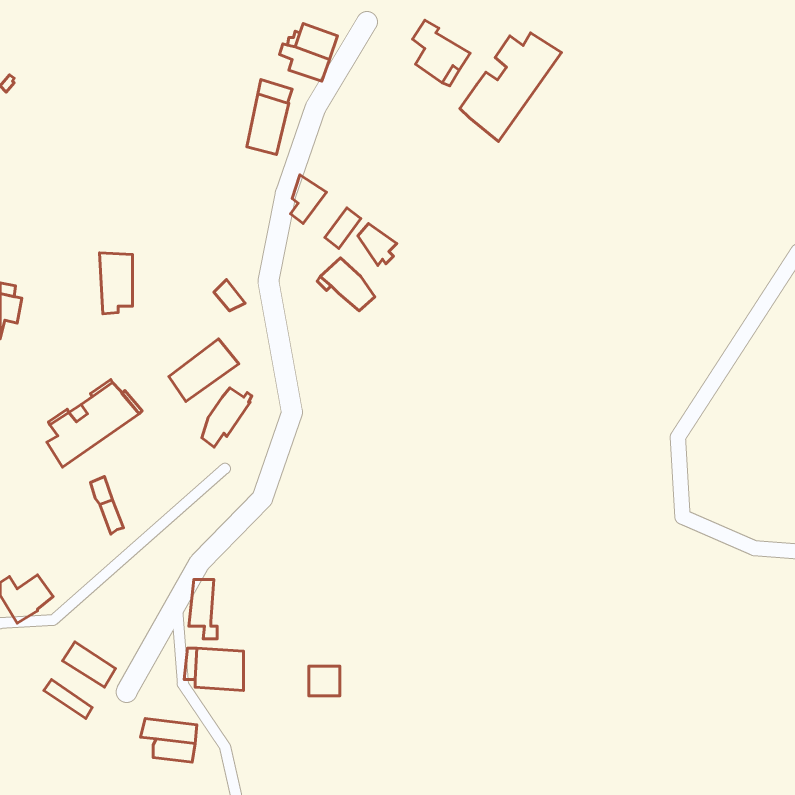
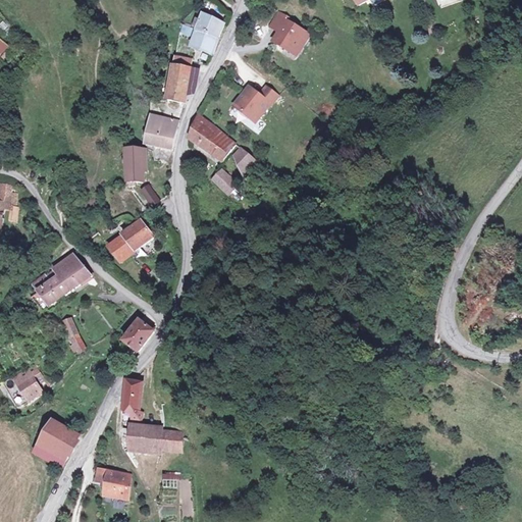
building: [460,33,561,141] -> none
building: none -> [232,87,275,118]
building: none -> [145,113,180,147]
building: none -> [200,125,228,155]
building: [100,253,132,314] -> [121,146,143,186]
building: [202,388,252,447] -> [120,321,153,360]
building: none -> [36,431,70,462]
building: [309,666,340,696] -> [161,428,181,448]

